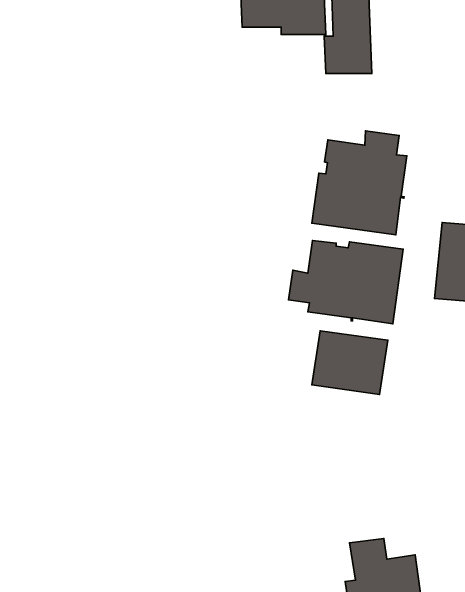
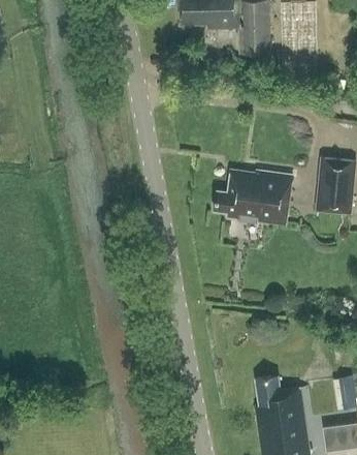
building: [312,131,407,235] -> none
building: [312,331,388,394] -> none

